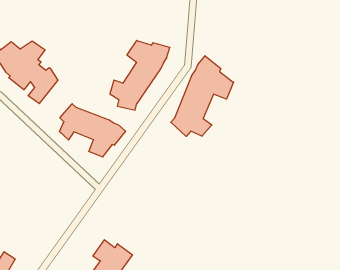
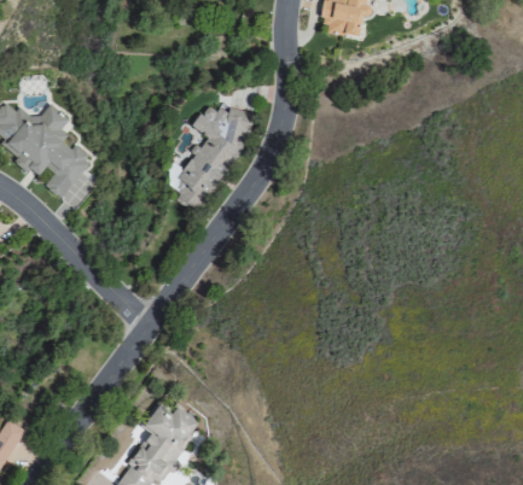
building: [171,56,234,136] -> none
building: [59,104,126,157] -> none

